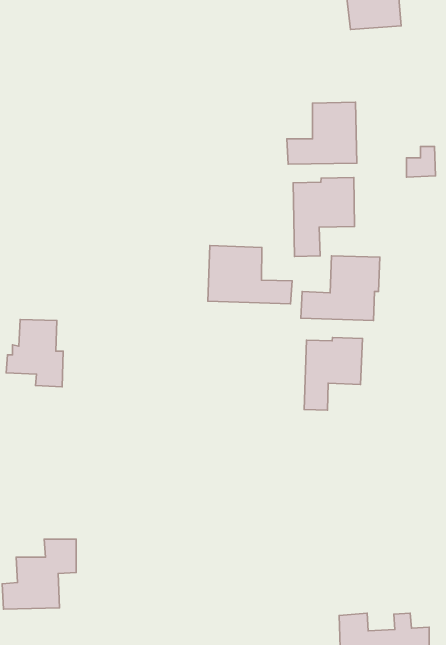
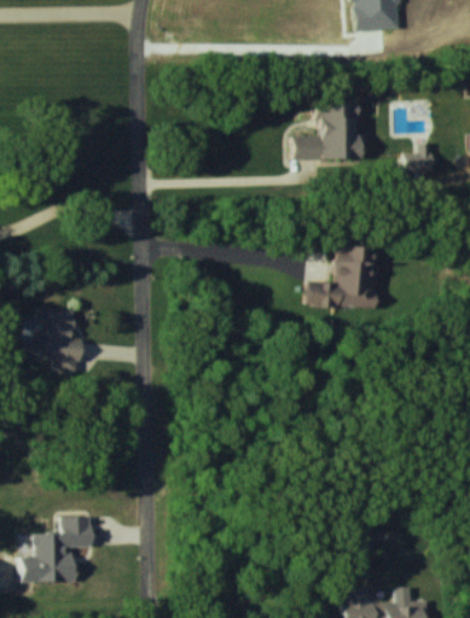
building: [293,177,354,257] -> none
building: [208,245,292,304] -> none
building: [304,337,363,410] -> none

